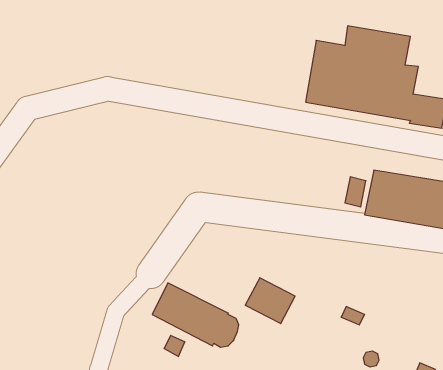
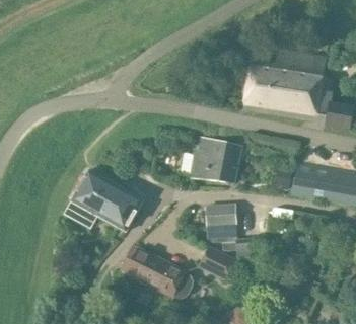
building: none -> [181,138,240,183]
building: none -> [63,169,143,231]
building: none -> [205,202,265,257]

